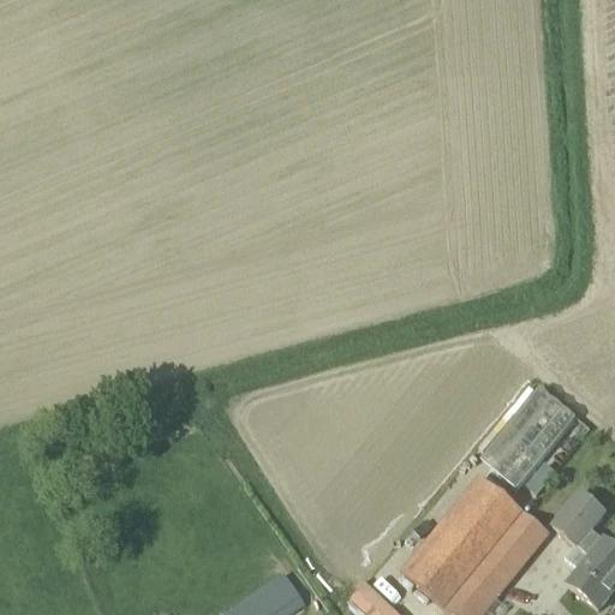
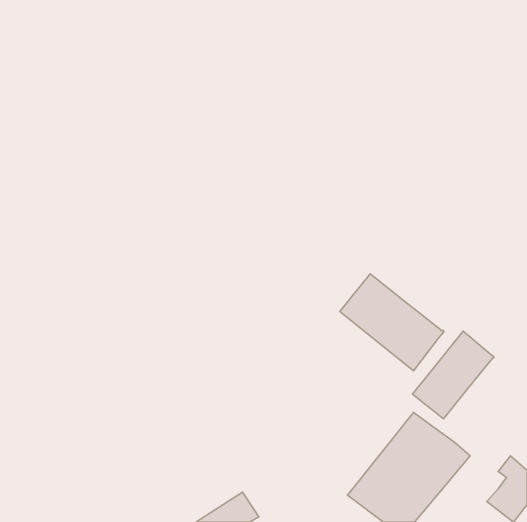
building: none -> [340,274,444,371]
building: [551,490,604,545] -> none

